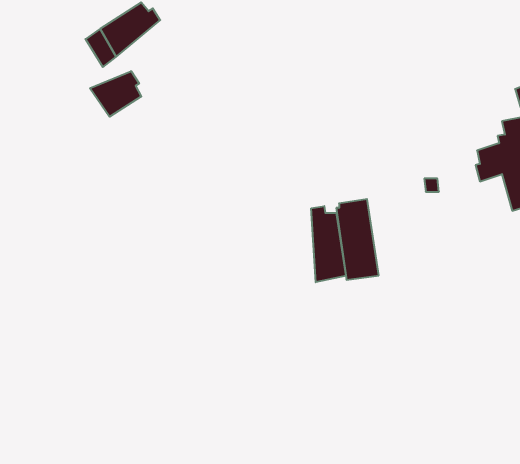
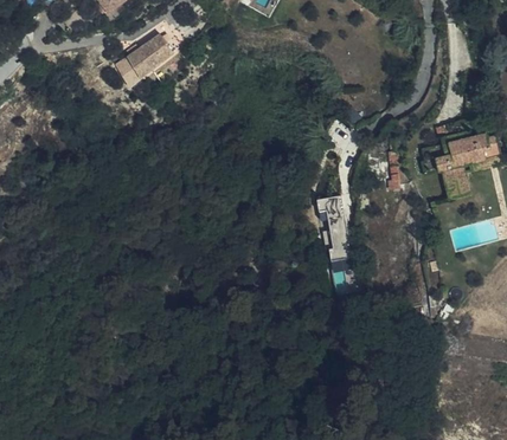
building: [90,71,141,117] -> none
building: [311,206,346,282] -> none

